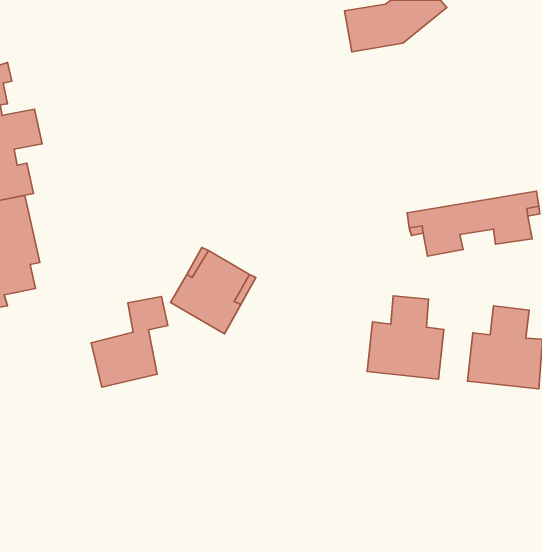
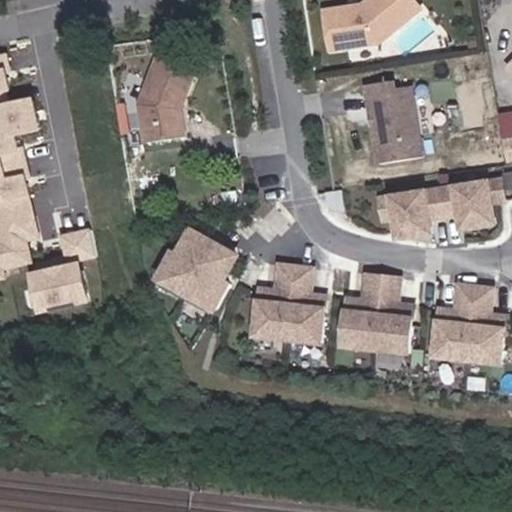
building: none -> [136,59,189,143]
building: none -> [361,79,417,163]
building: none -> [253,264,323,342]
building: [91,296,168,387] -> [26,235,97,319]

